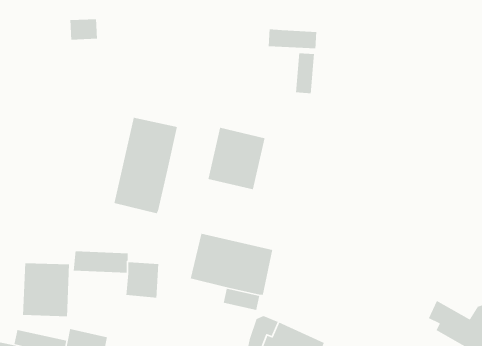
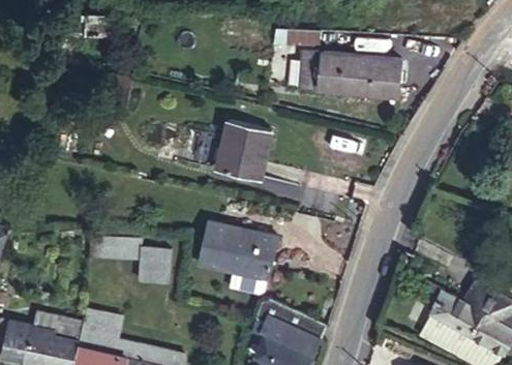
building: none -> [319,53,400,97]
building: [113,117,178,214] -> none
building: [22,262,70,317] -> none

